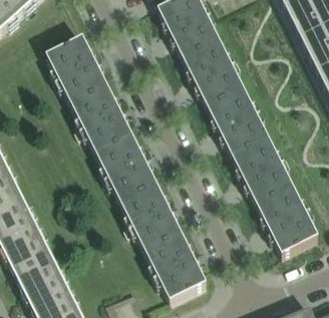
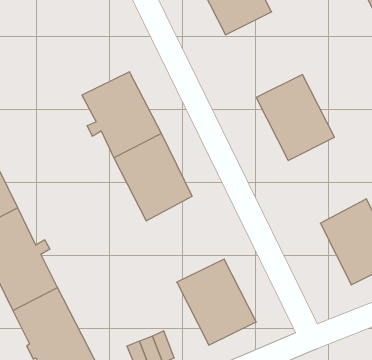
building: [47,38,108,105] -> none
building: [184,40,244,107] -> none
building: [233,138,294,206] -> none
building: [121,185,183,252] -> none

